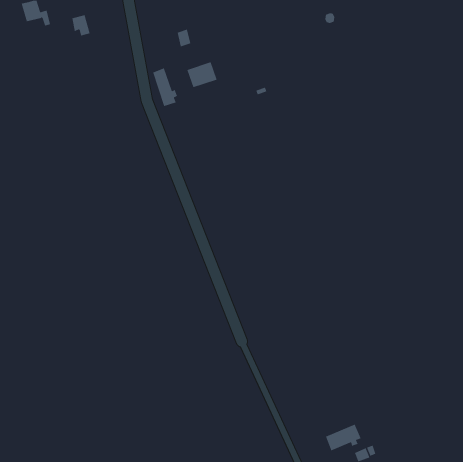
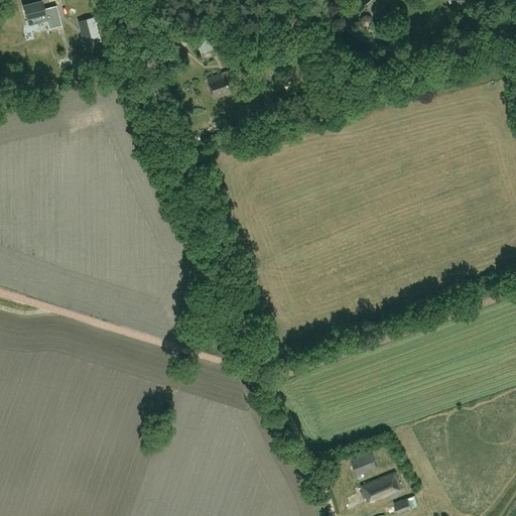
building: [152,67,178,107] -> none
building: none -> [351,453,377,479]

